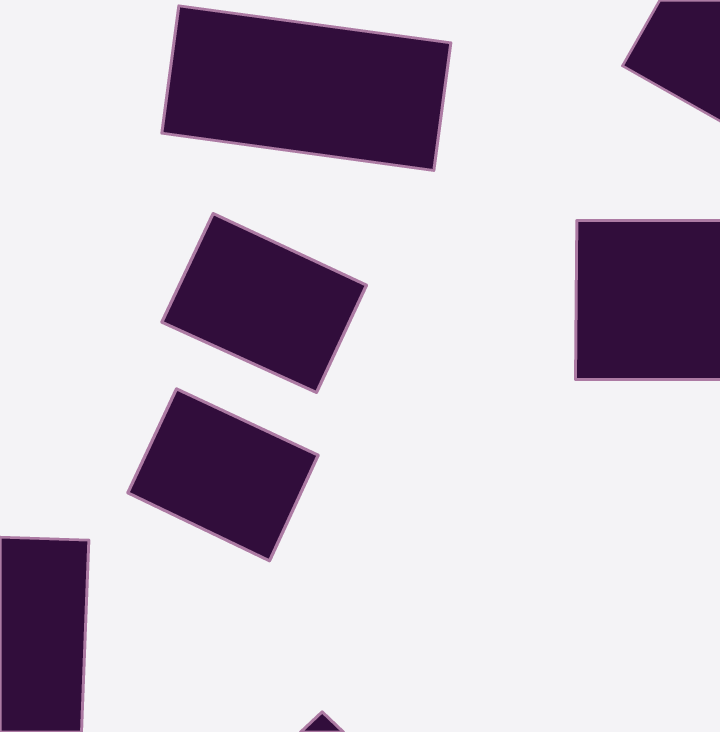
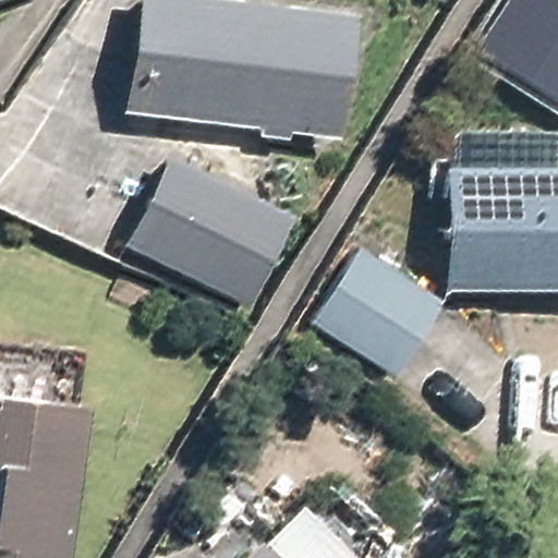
building: none -> [316,251,442,373]
building: [128,389,318,561] -> none

